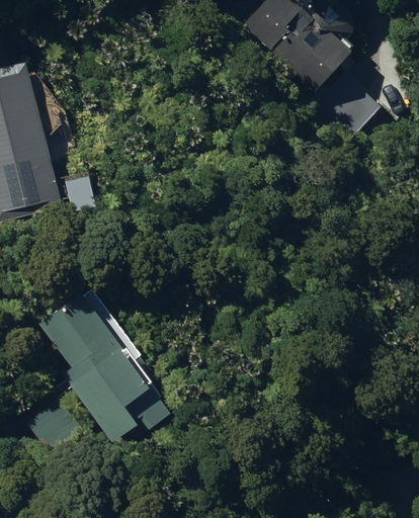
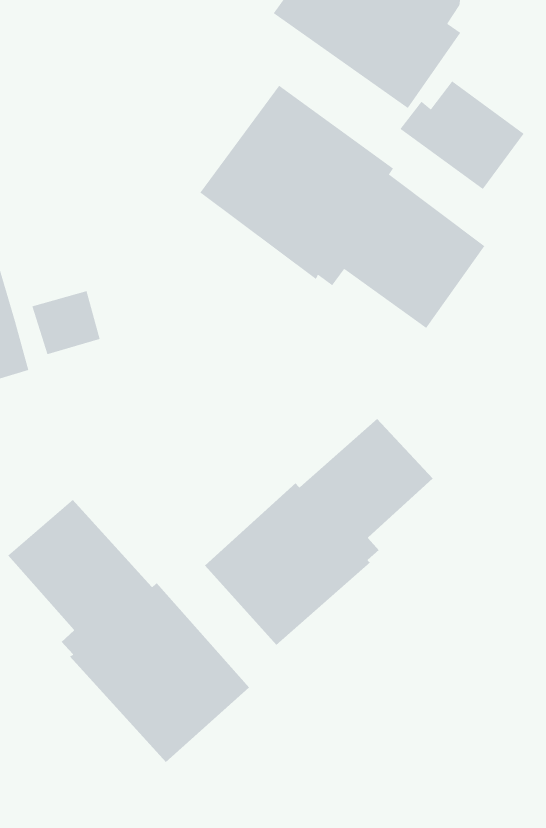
building: none -> [200,85,485,329]
building: none -> [204,418,433,646]

